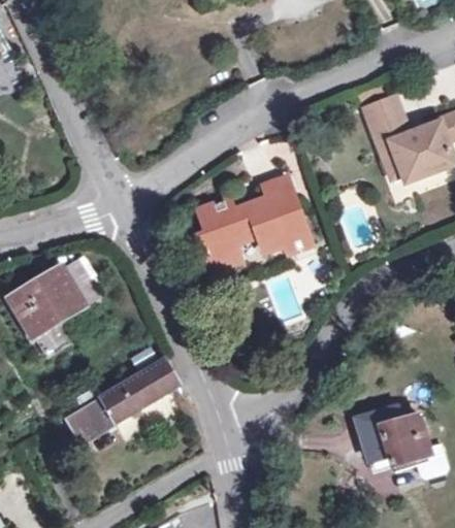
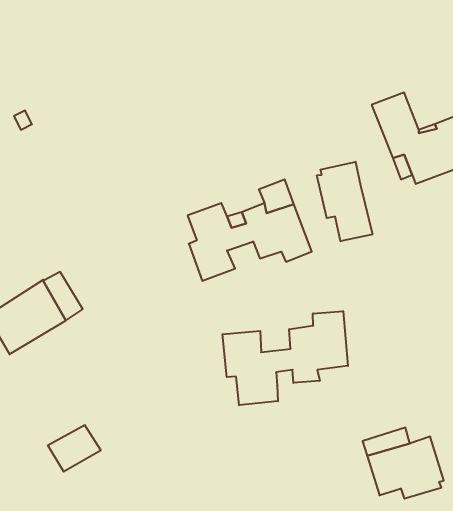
building: none -> [317,162,372,241]
building: none -> [222,311,348,405]
building: [101,361,180,423] -> none

